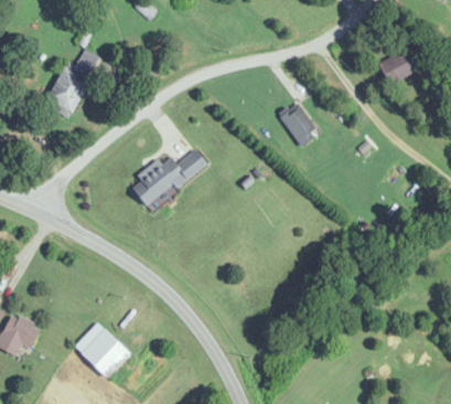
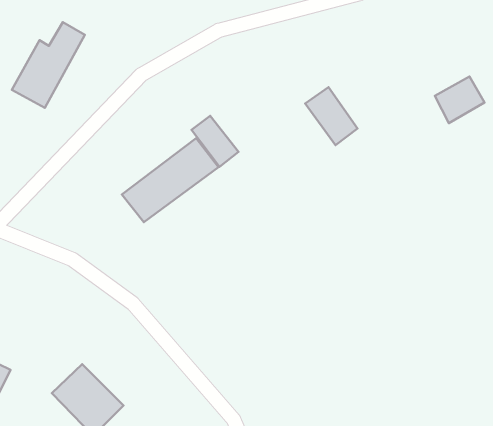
building: [378,47,418,85] -> [435,76,485,123]
building: none -> [192,116,239,167]

